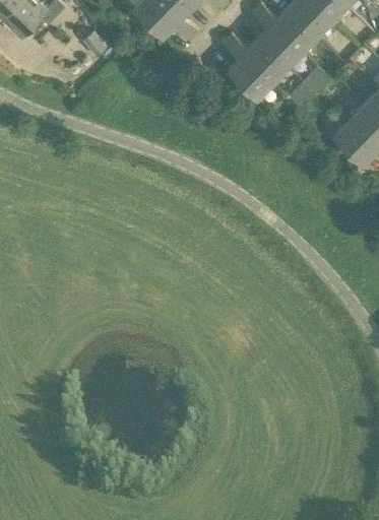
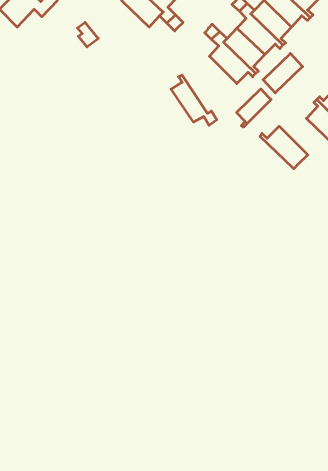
building: none -> [171,75,217,125]
building: none -> [237,89,271,127]
building: none -> [260,126,308,169]

